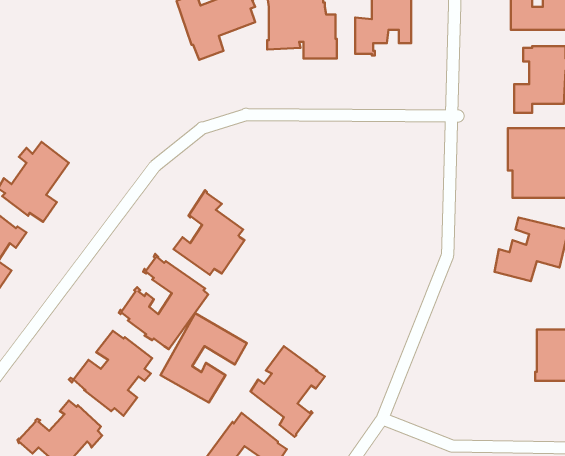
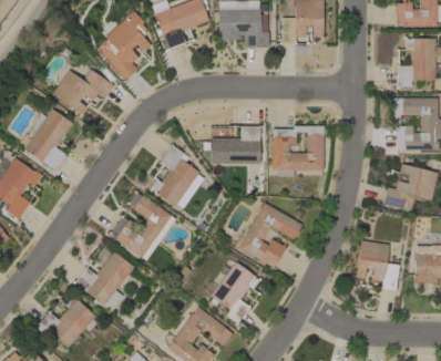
building: none -> [98,11,152,81]
building: none -> [53,70,114,115]
building: none -> [212,125,263,164]
building: none -> [273,126,325,177]
building: [161,313,247,402] -> [239,203,302,268]
building: none -> [357,240,400,291]

